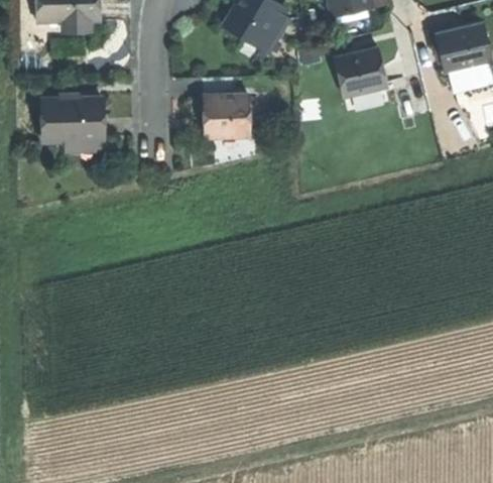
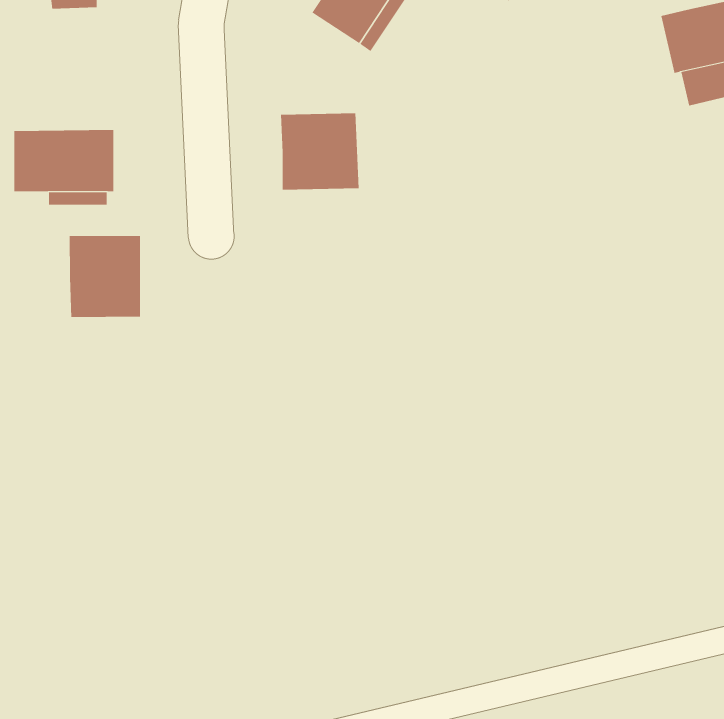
building: [337,47,391,95] -> none
building: none -> [69,235,141,318]

